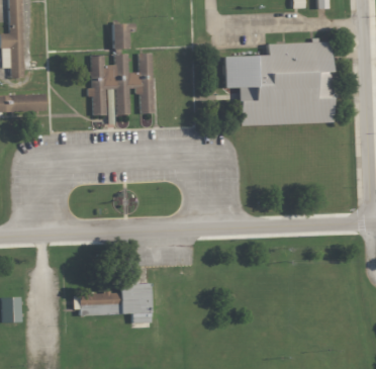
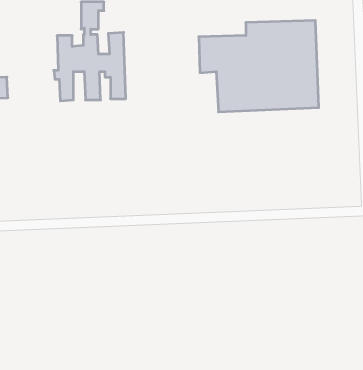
building: [71,282,151,328] -> none

